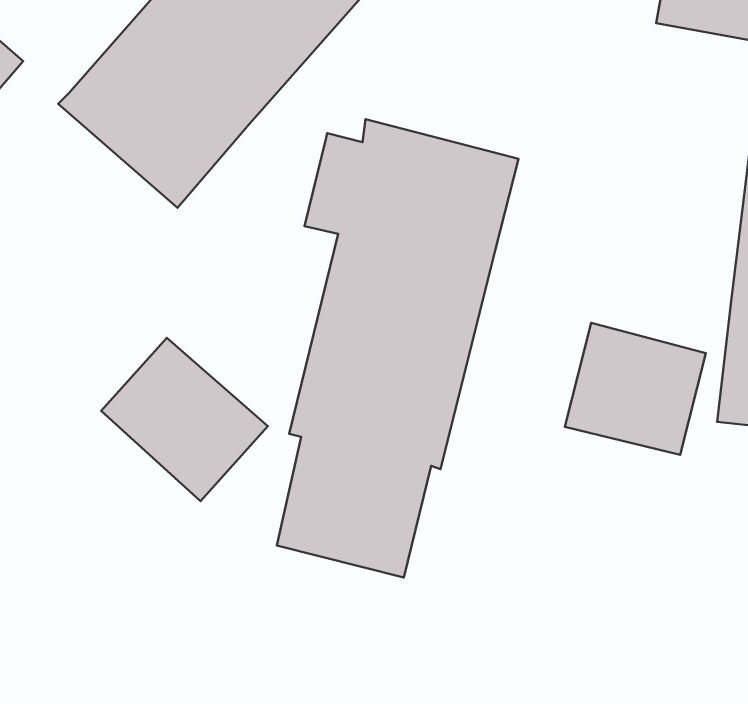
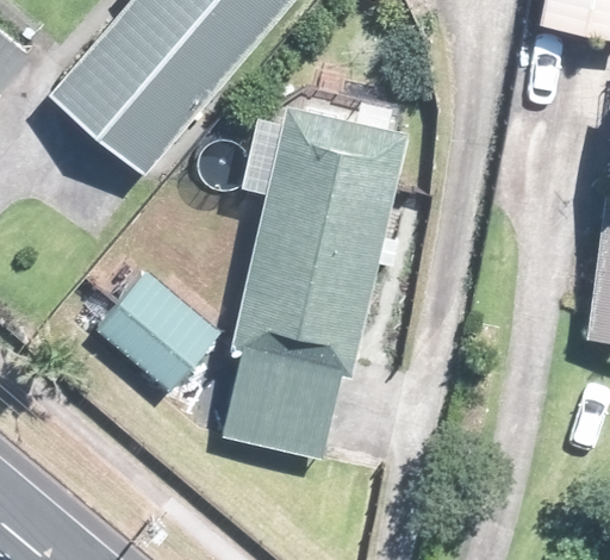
building: [565,323,706,455] -> none

